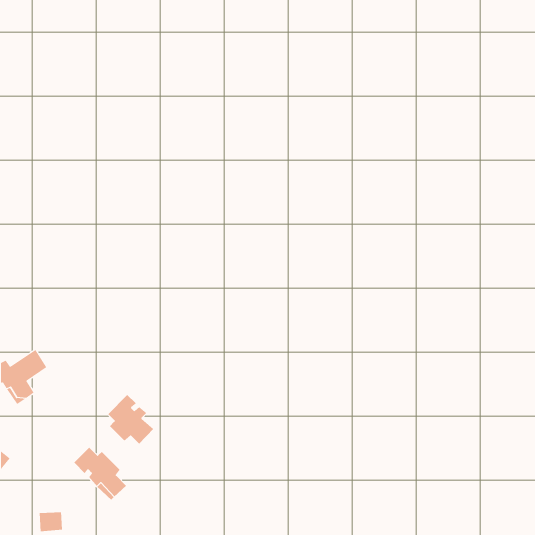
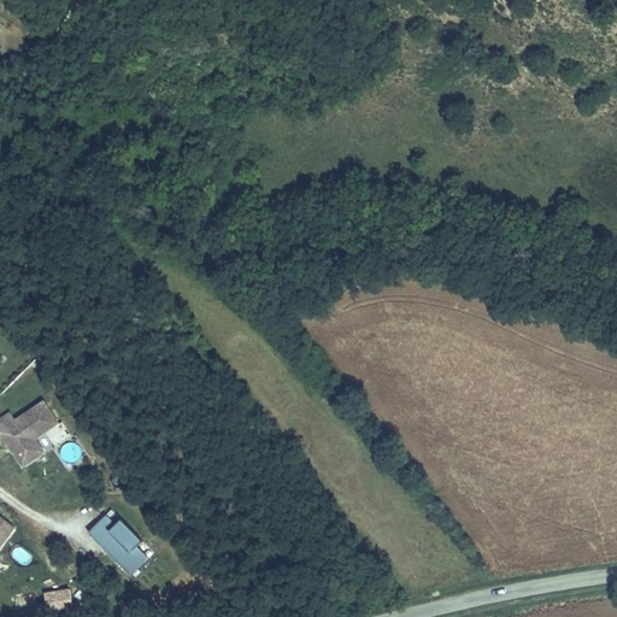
building: [107,394,154,445] -> none

